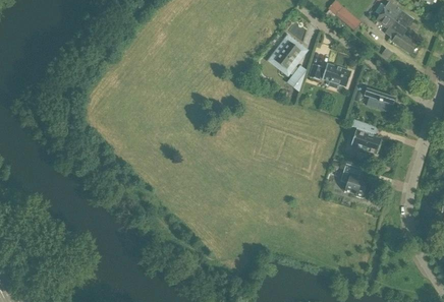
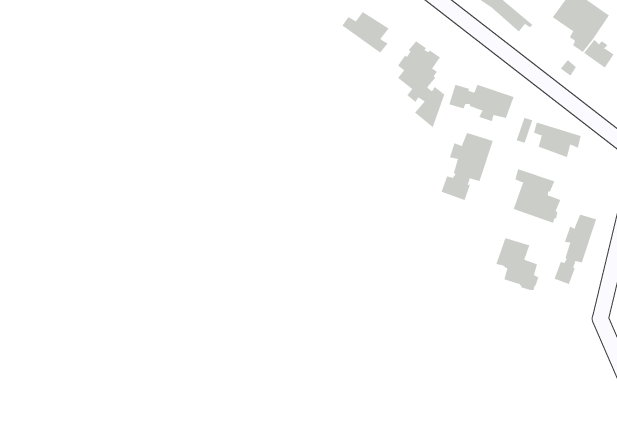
building: none -> [341,11,390,53]
building: none -> [441,132,494,201]
building: none -> [554,214,597,285]

